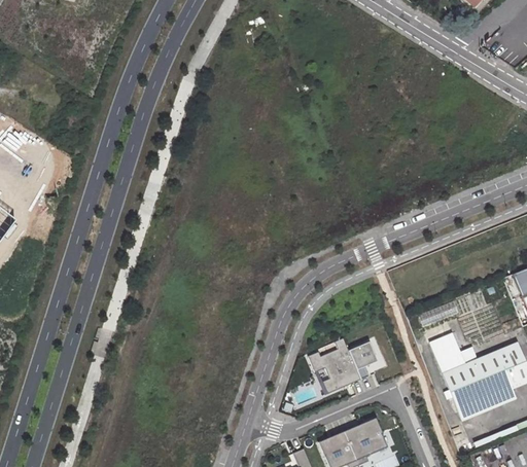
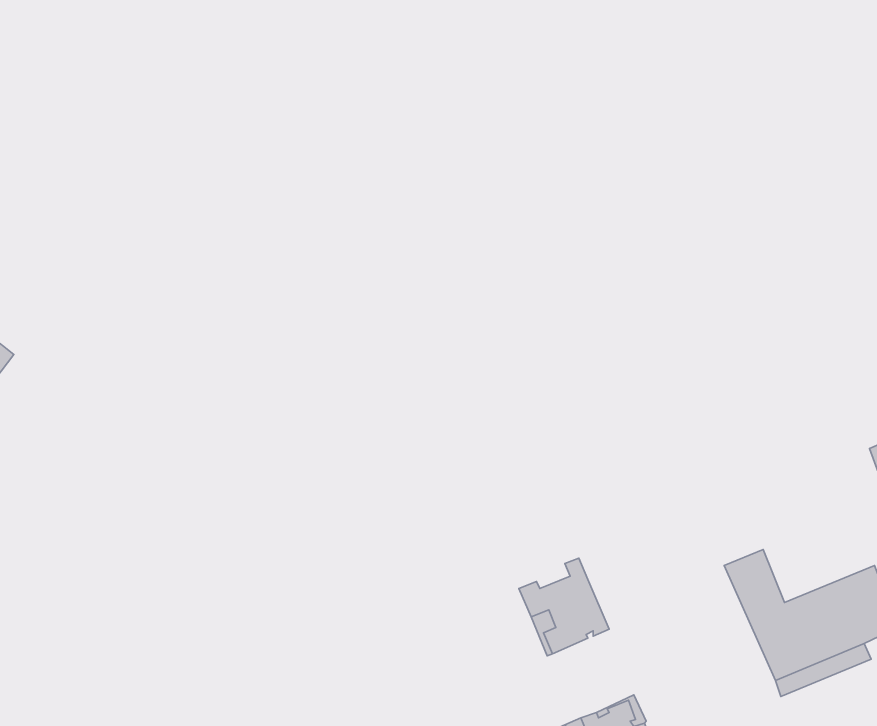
building: [350,340,379,379] -> none

